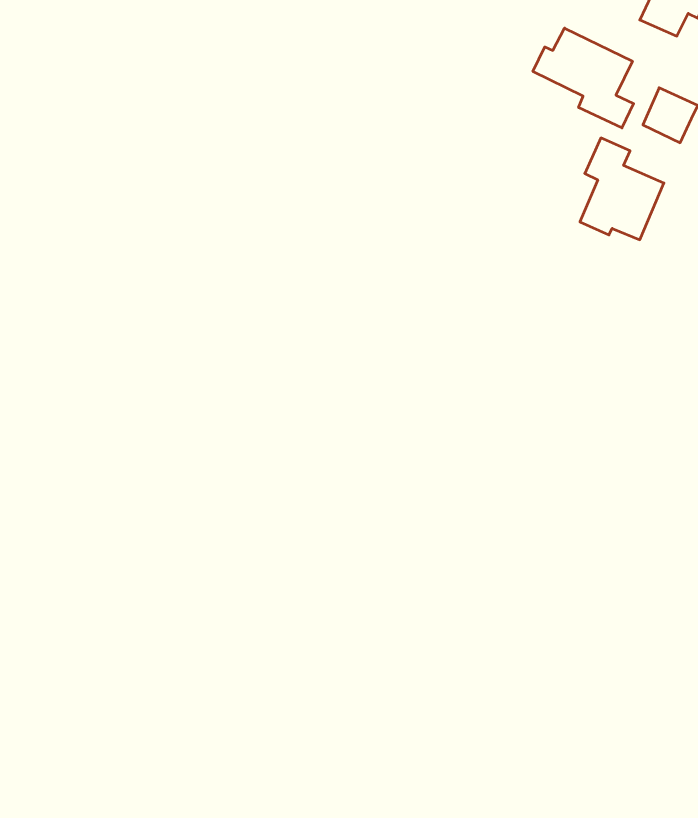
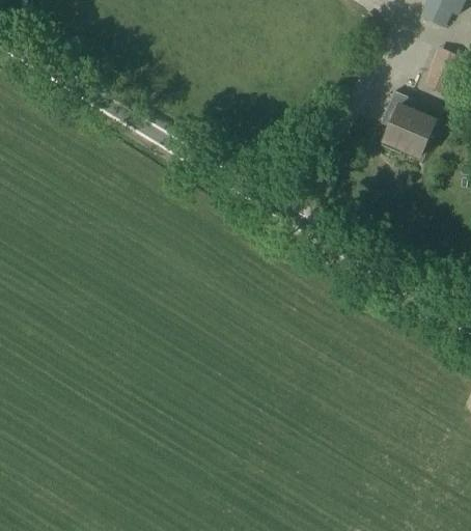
building: [533,28,634,128] -> none

